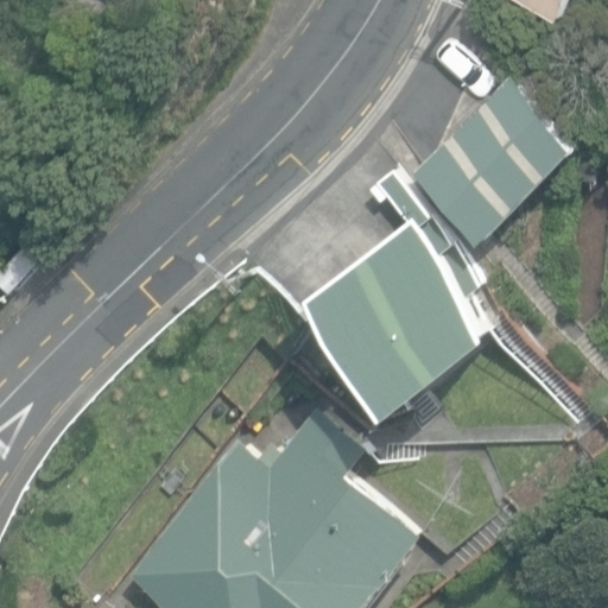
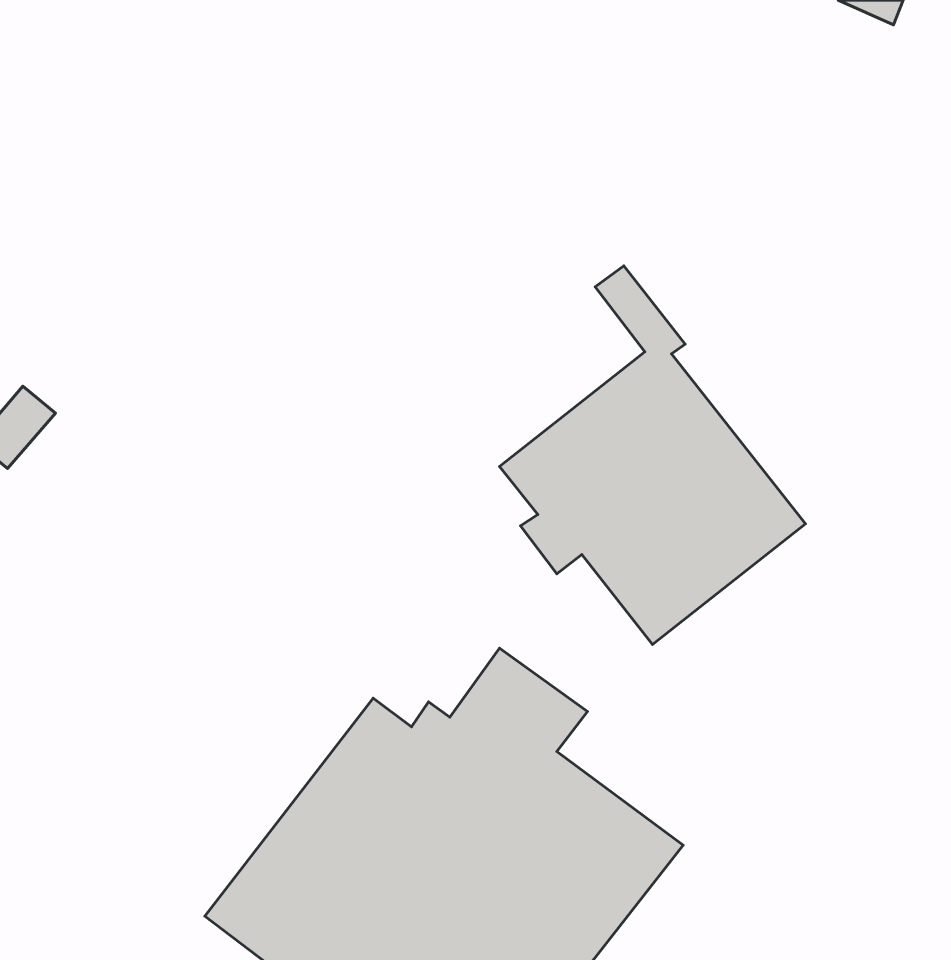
building: [406,76,571,242] -> none

